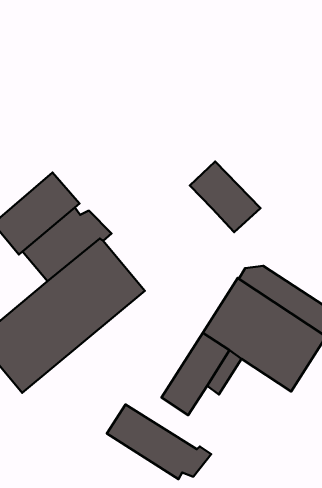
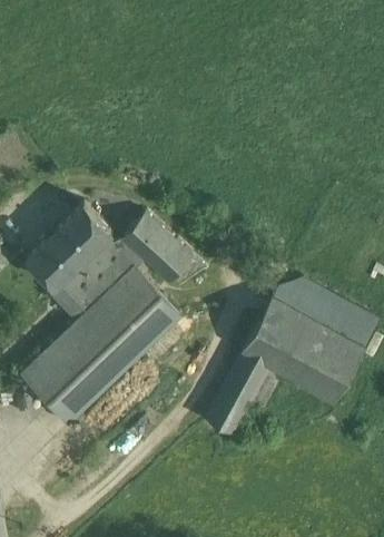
building: [190,161,260,232] -> [122,213,194,282]
building: [107,404,211,479] -> none

